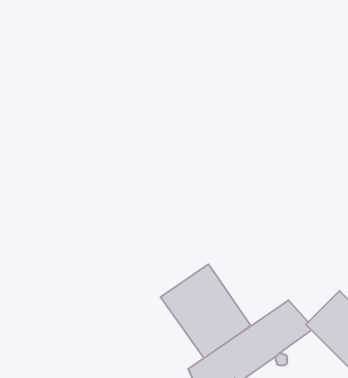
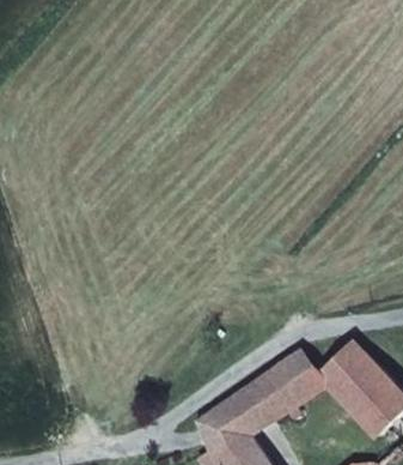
building: [161,264,250,358] -> none

